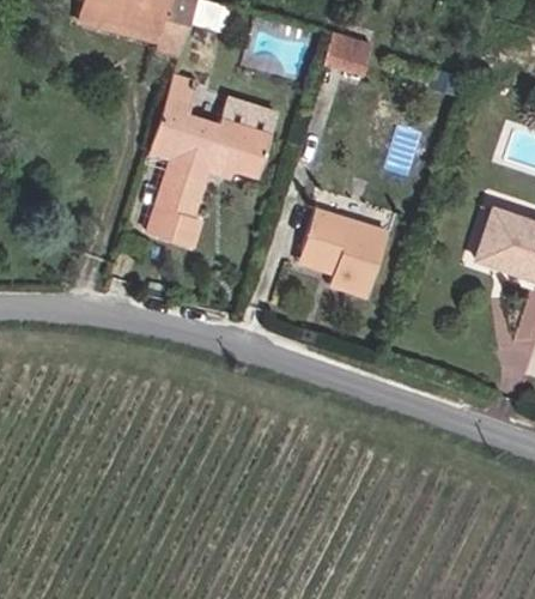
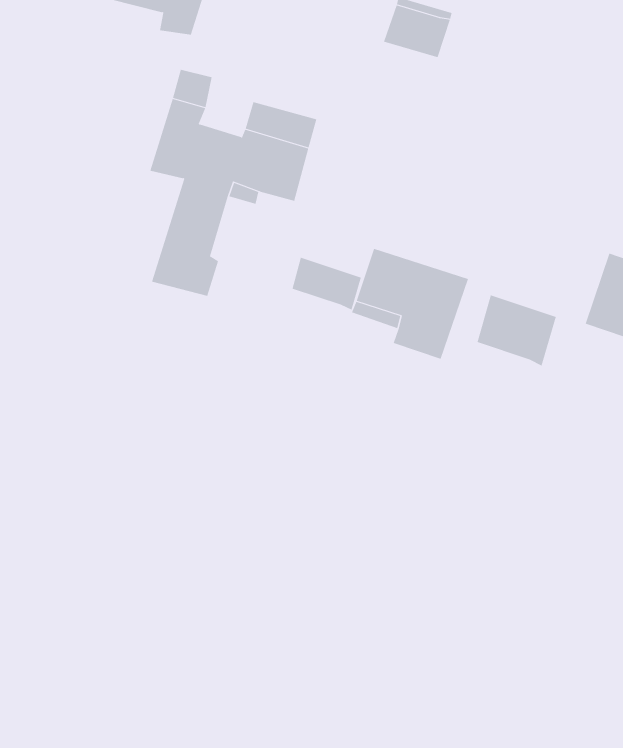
building: none -> [292,257,361,311]
building: none -> [477,294,557,366]

